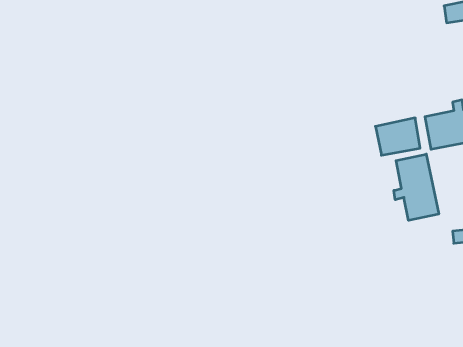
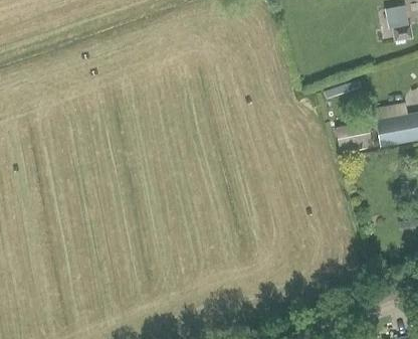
building: [394,154,439,220] -> none

